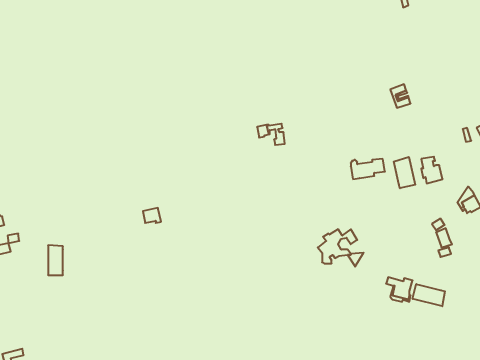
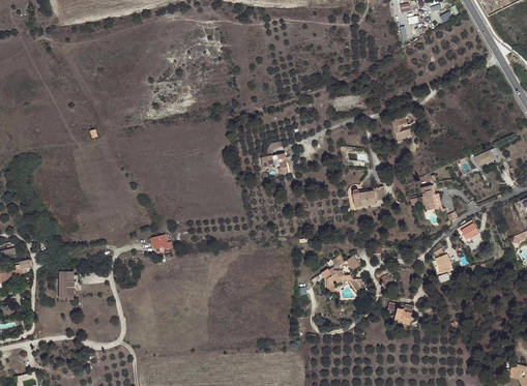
building: [394,157,415,188] -> none
building: [413,284,445,306] -> none

